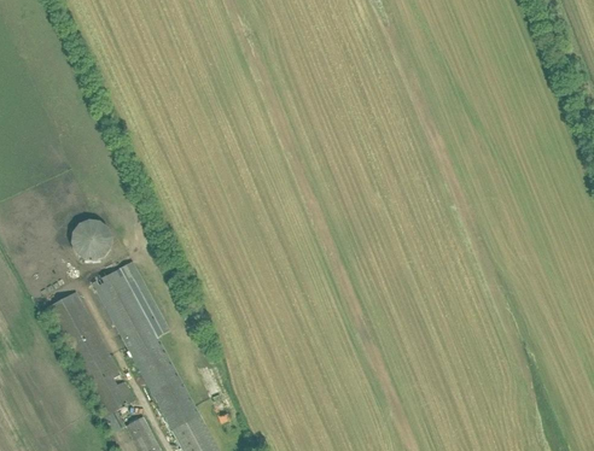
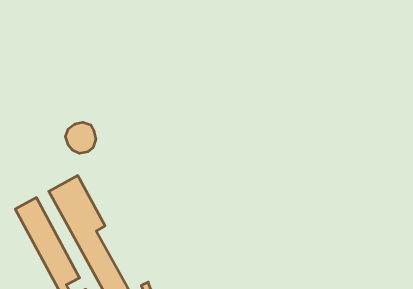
building: [70,217,112,259] -> [65,122,96,153]

